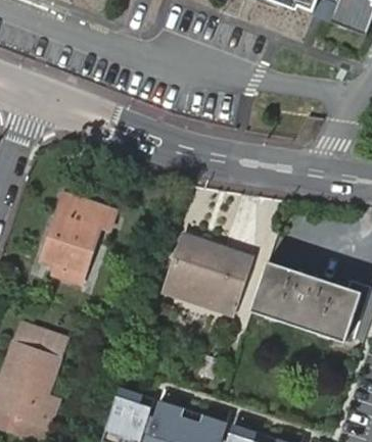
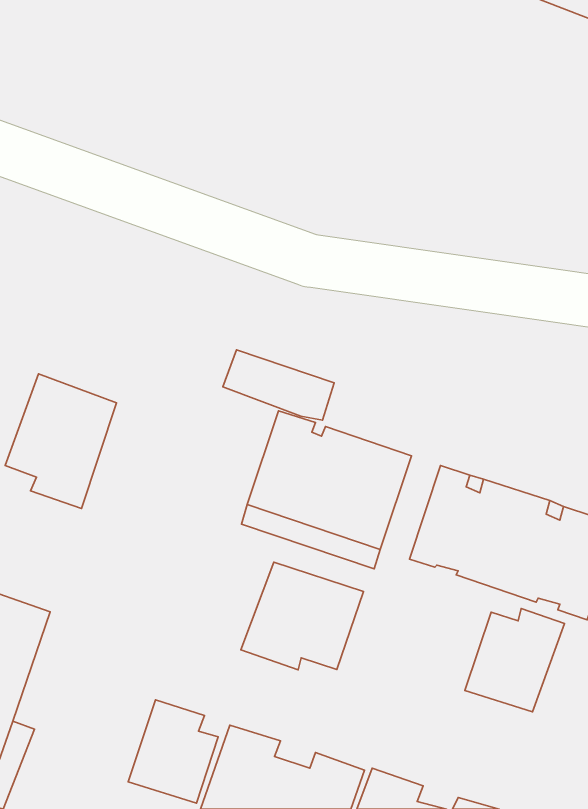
building: [57,194,115,231] -> [223,350,334,420]
building: none -> [241,562,363,670]
building: none -> [465,609,564,712]

